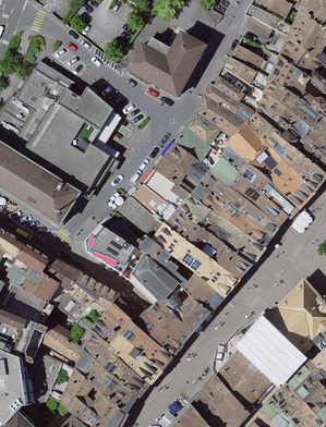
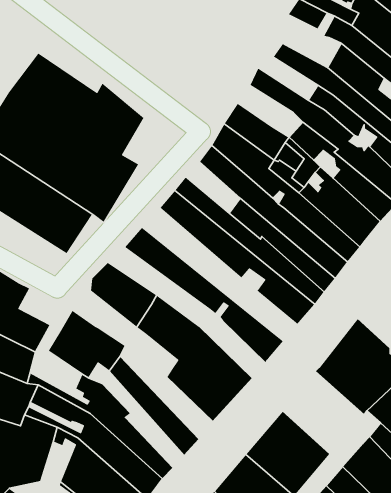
building: [121,28,204,97] -> none
building: [237,39,283,71] -> none
building: [201,84,253,126] -> none
building: [159,146,203,187] -> none
building: [124,183,249,290] -> none
building: [93,209,224,319] -> none
building: [26,247,69,281] -> none
building: [107,293,181,368] -> none
building: [82,314,158,391] -> none
building: [237,314,302,380] -> none

